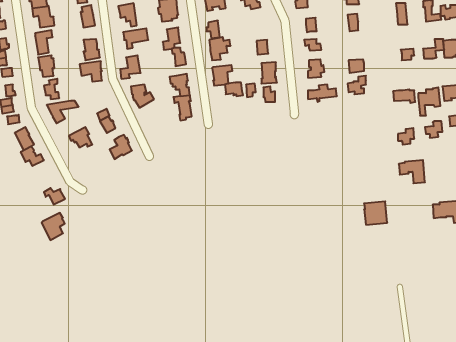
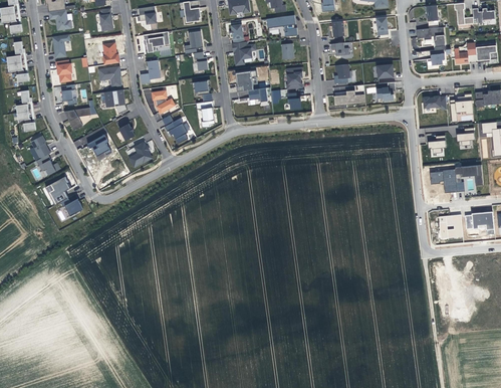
building: none -> [266,15,297,36]
building: none -> [416,27,445,50]
building: none -> [99,90,126,113]
building: none -> [162,116,189,144]
building: none -> [454,165,482,192]
building: [364,201,387,225] -> [438,214,462,238]
building: [42,213,65,240] -> [45,177,69,205]

